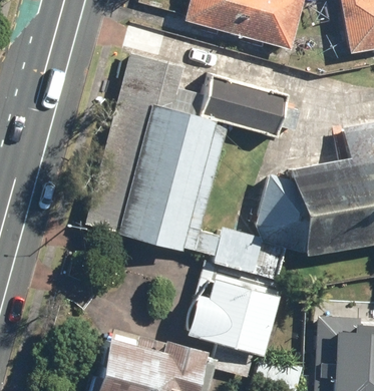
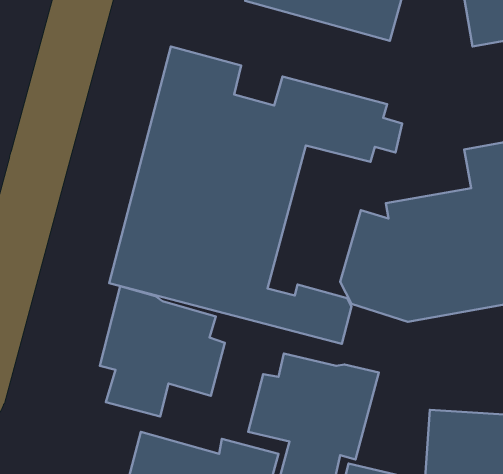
building: none -> [100,286,225,416]

